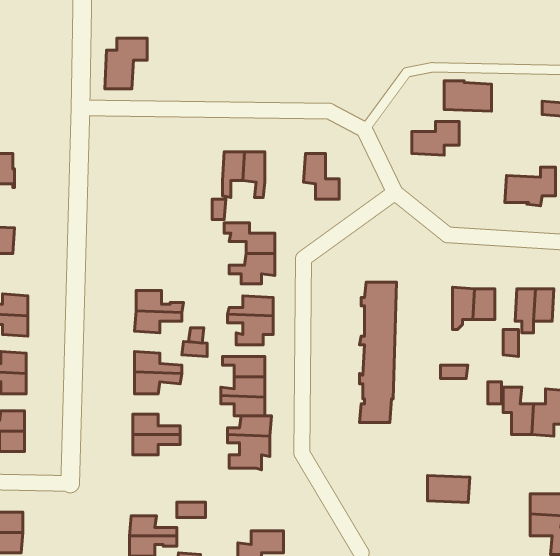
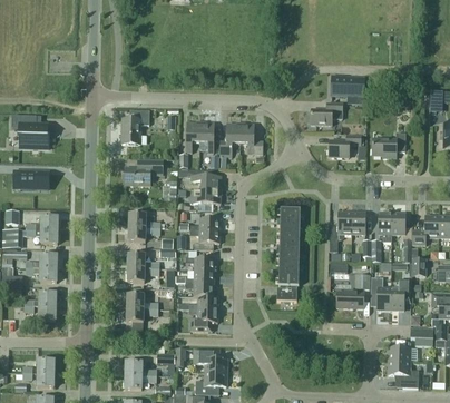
building: [105,38,147,89] -> [120,110,148,144]
building: none -> [218,124,239,157]
building: none -> [327,135,360,157]
building: none -> [125,160,162,185]
building: [428,475,470,503] -> [335,291,363,308]
building: none -> [193,350,225,372]

